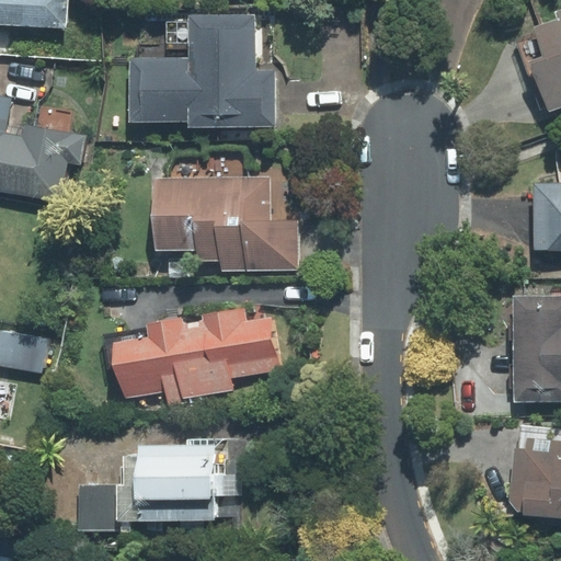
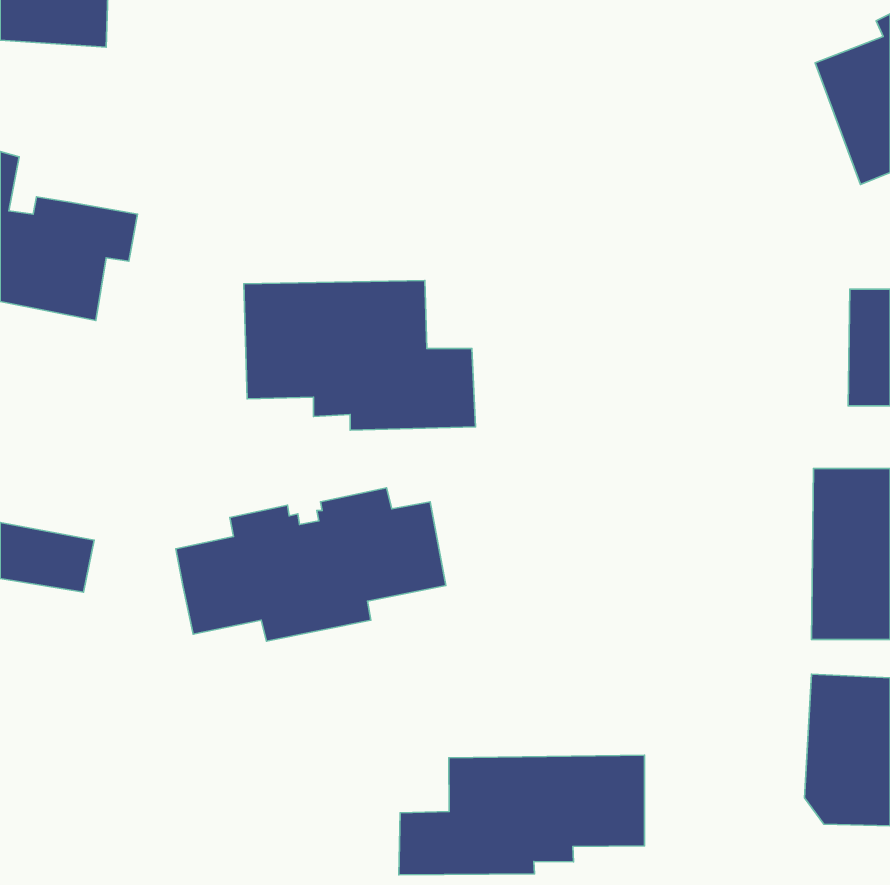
building: [129,14,275,128] -> none
building: [78,445,215,531] -> none
building: none -> [399,755,644,875]

